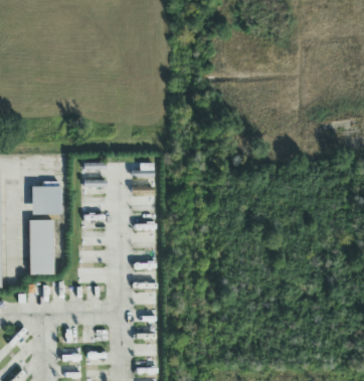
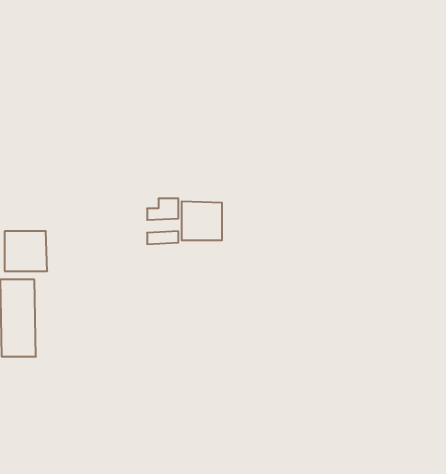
building: none -> [182,201,222,240]

